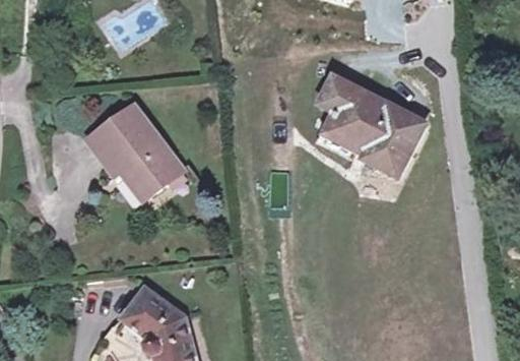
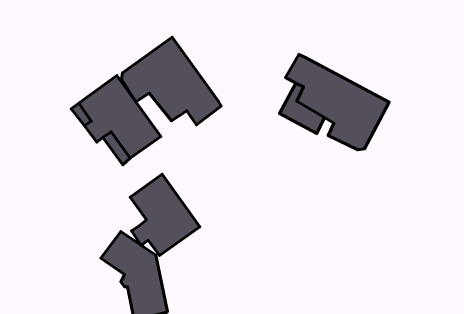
building: none -> [121,37,221,125]
building: none -> [130,174,200,255]

